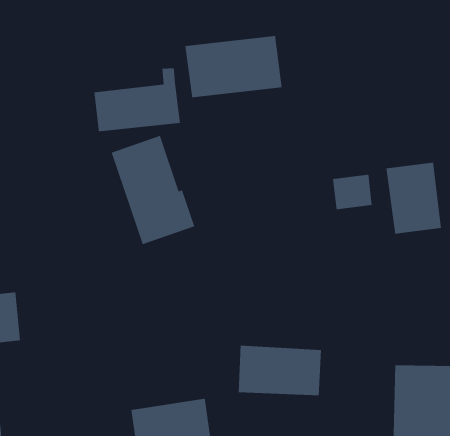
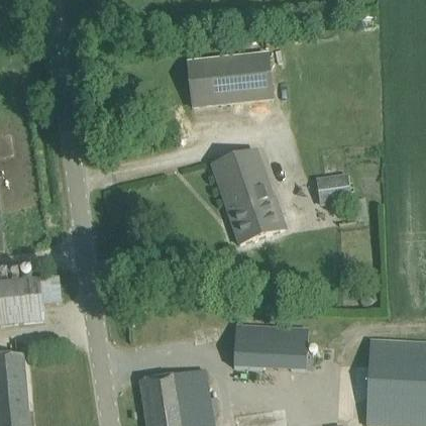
building: [94,68,180,132] -> none
building: [111,135,195,245] -> [212,146,286,242]
building: [386,162,441,235] -> none

